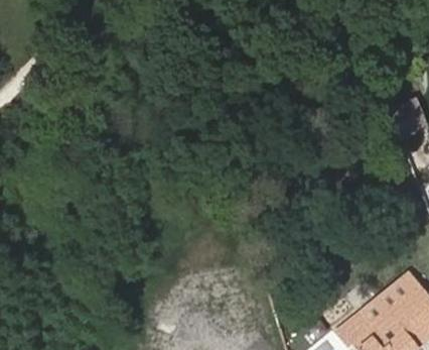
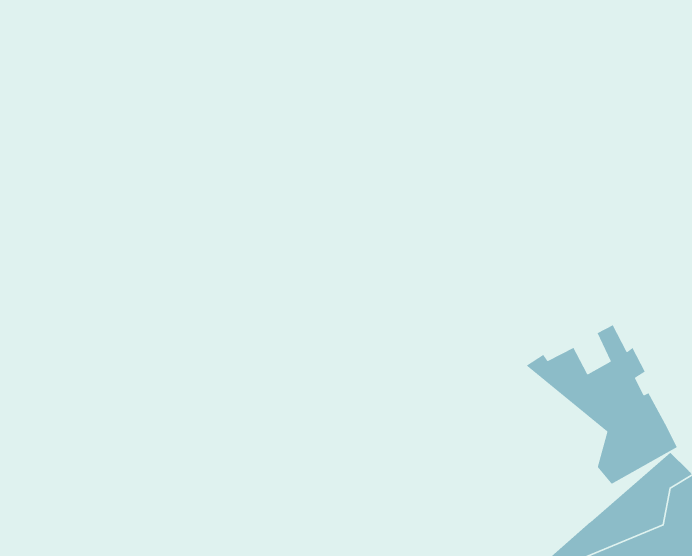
building: none -> [525,324,678,485]

